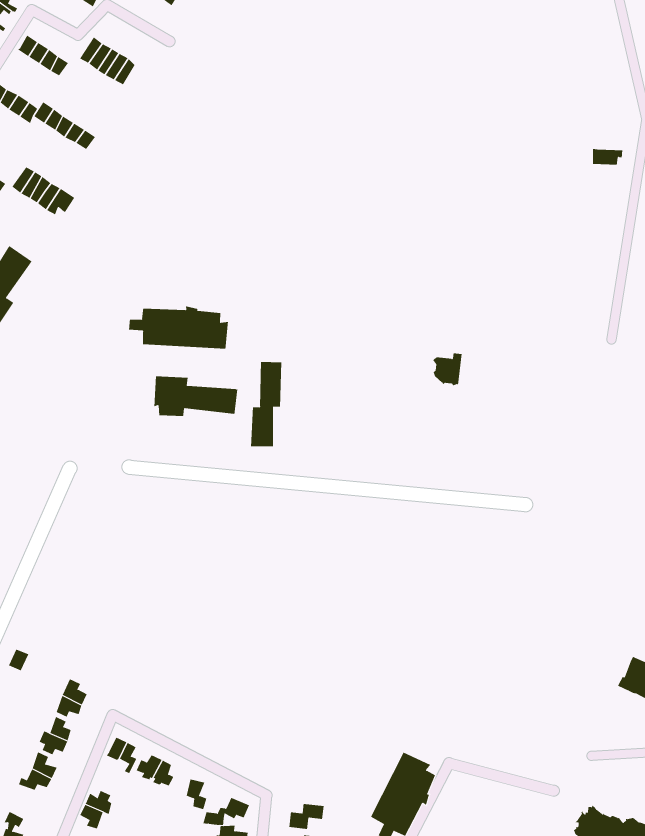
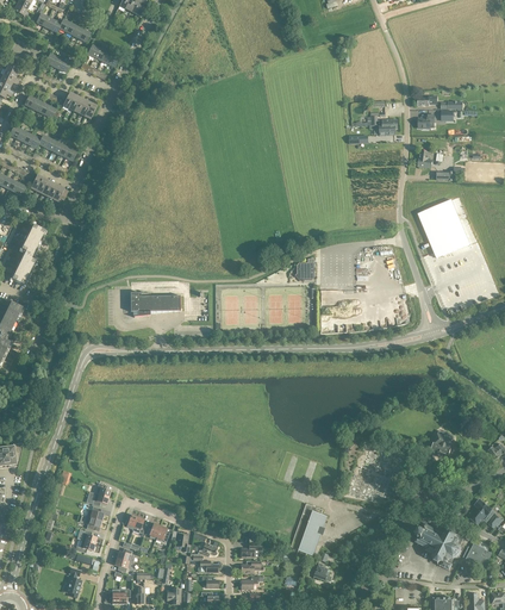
building: [129,306,228,349] -> none
building: [250,361,282,447] -> none

